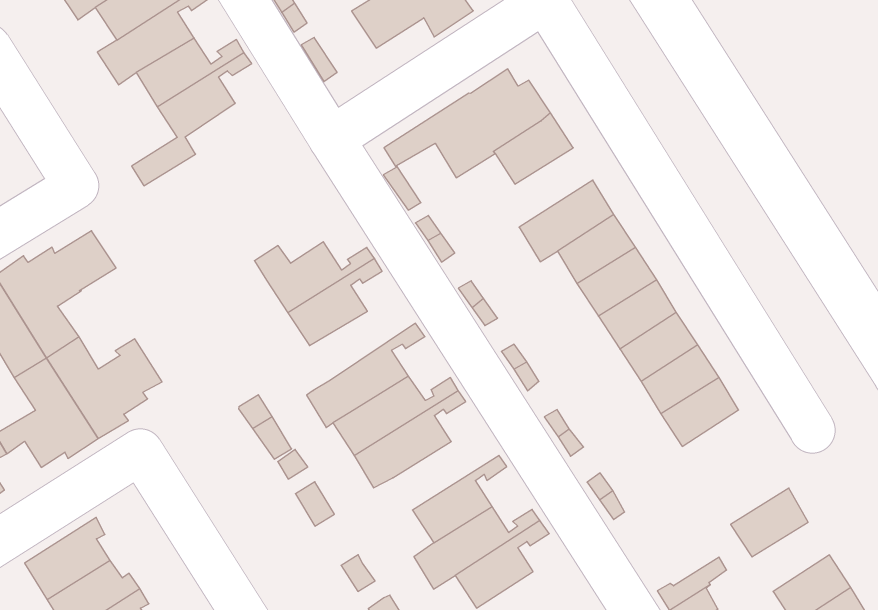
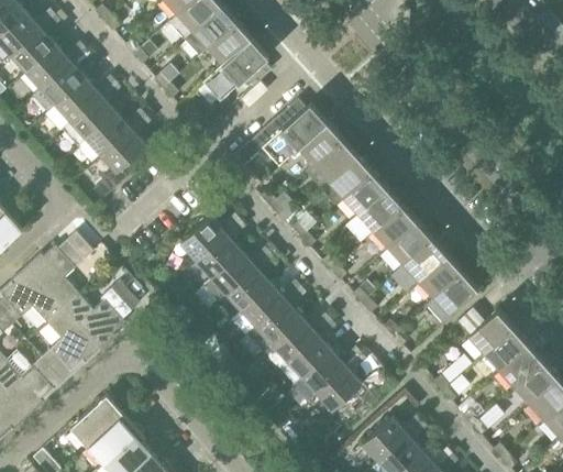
building: none -> [303,139,355,189]
building: none -> [201,249,268,303]
building: none -> [432,272,477,316]
building: none -> [271,315,329,361]
building: none -> [483,329,527,372]

